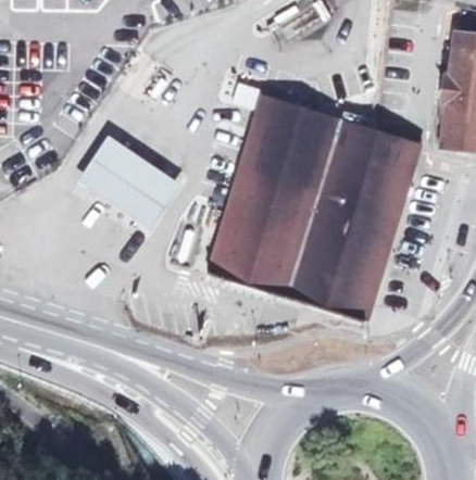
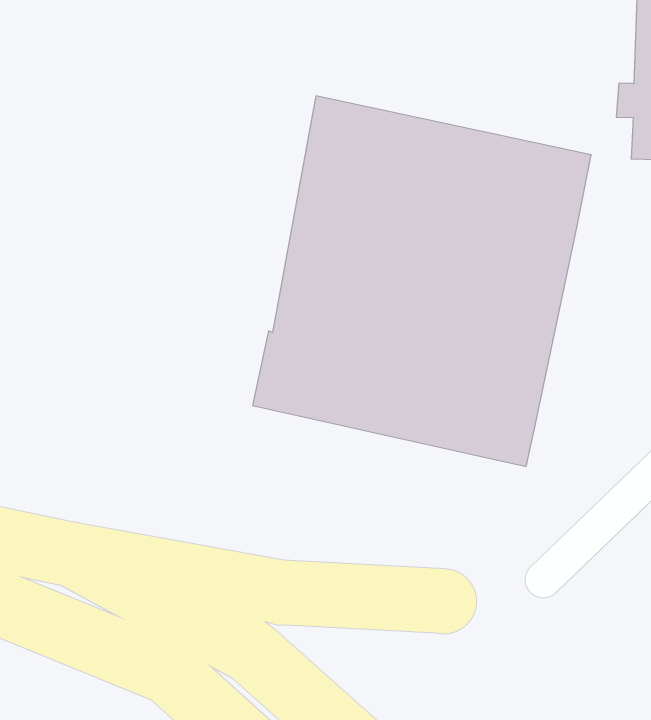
building: [78,136,179,229] -> none

